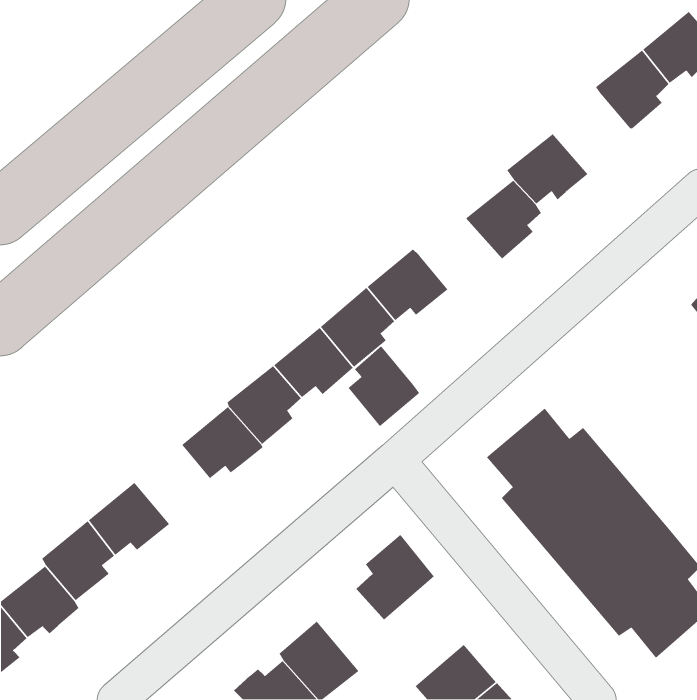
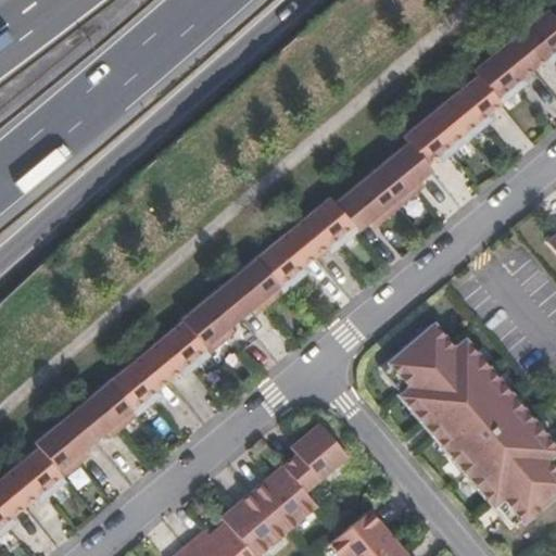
building: none -> [441,74,502,138]
building: none -> [336,173,401,229]
building: [347,345,420,427] -> none
building: none -> [110,352,169,415]
building: none -> [254,466,318,531]

